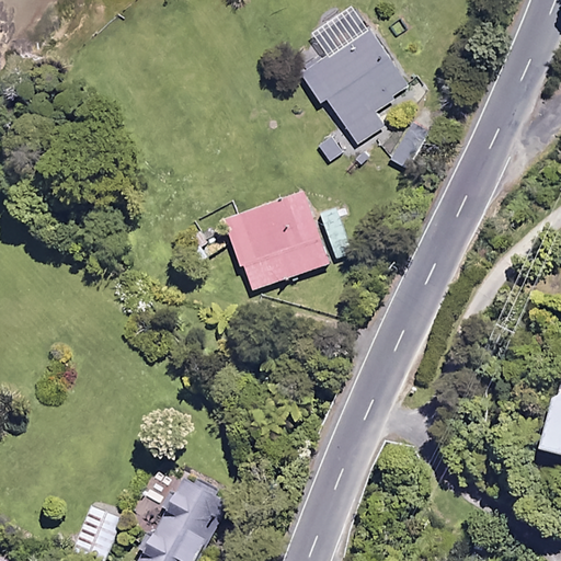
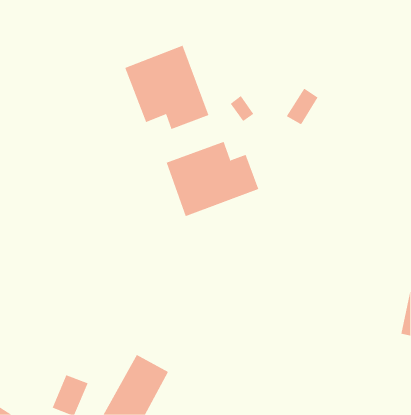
building: [301,19,408,141] -> none
building: none -> [125,45,209,130]

